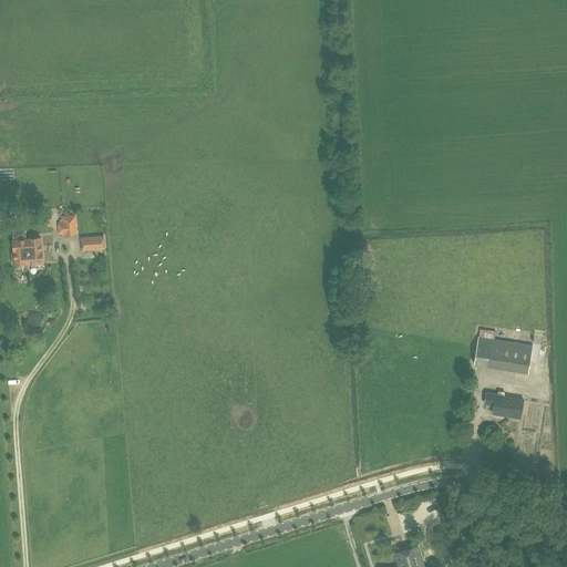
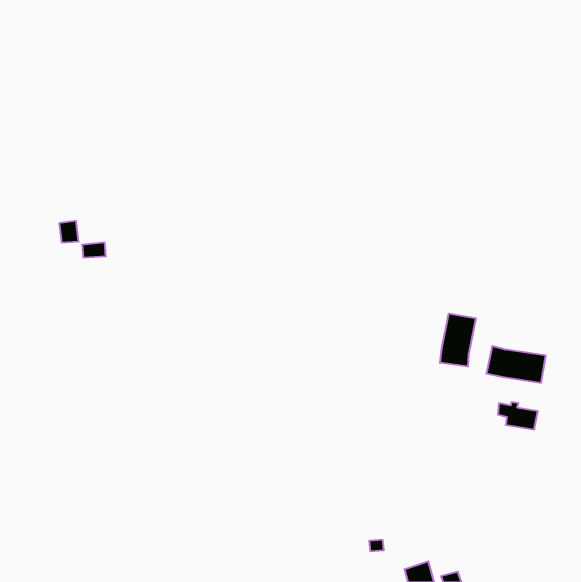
building: [13,241,42,274] -> none
building: none -> [440,314,476,367]

